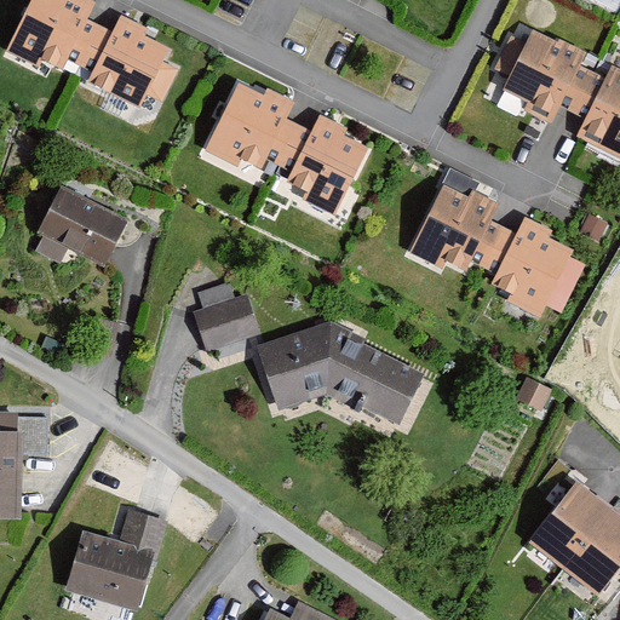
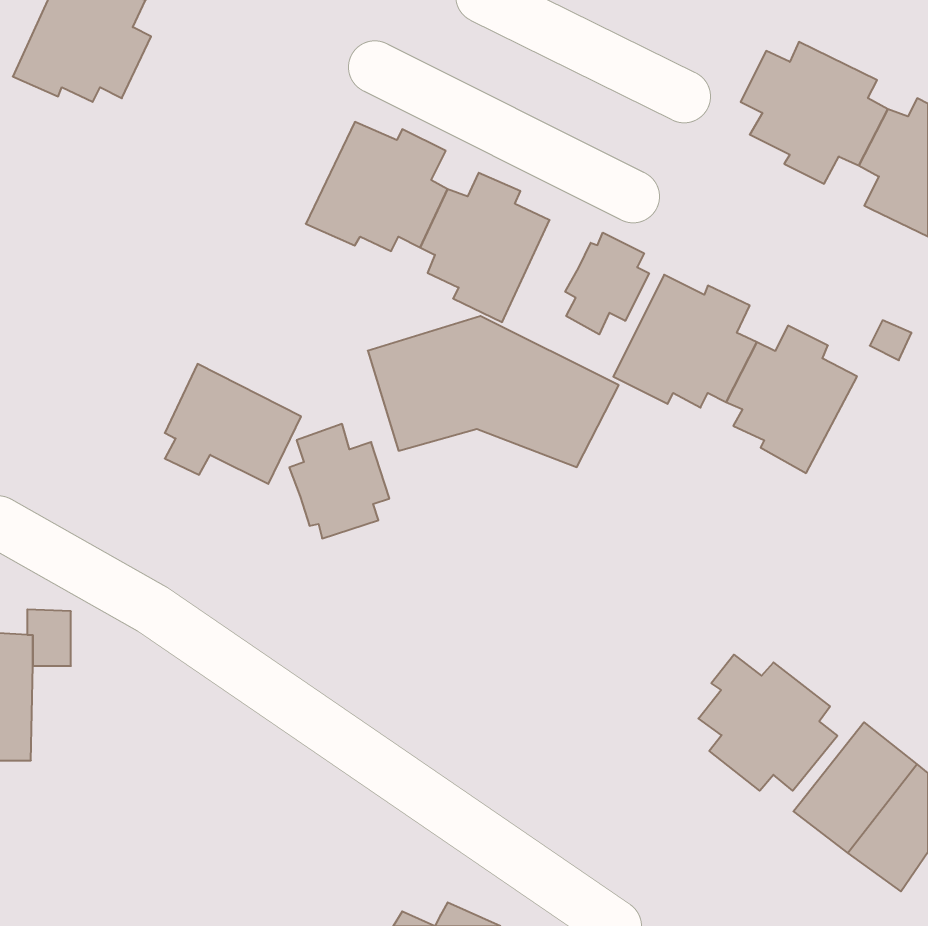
building: [81,15,178,108] -> none
building: none -> [565,233,649,334]
building: [36,185,127,265] -> [165,364,301,484]
building: [259,322,426,423] -> [368,316,619,467]
building: none -> [698,655,837,791]
building: [65,507,163,608] -> none

